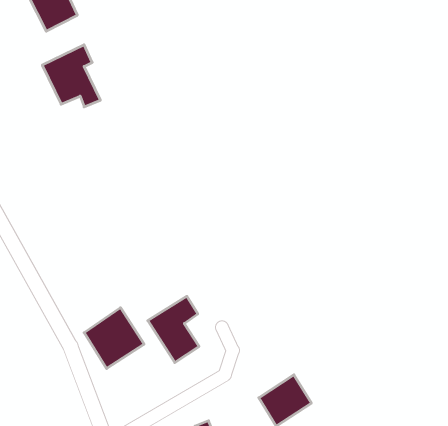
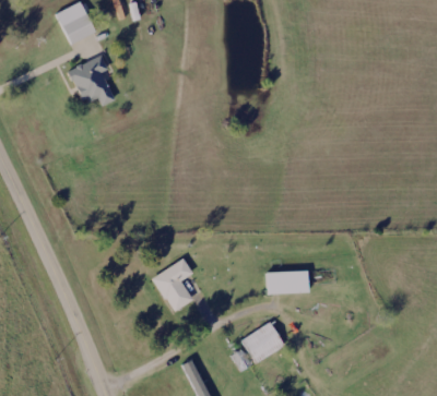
building: [84,308,144,369] -> none
building: none -> [265,272,307,293]

